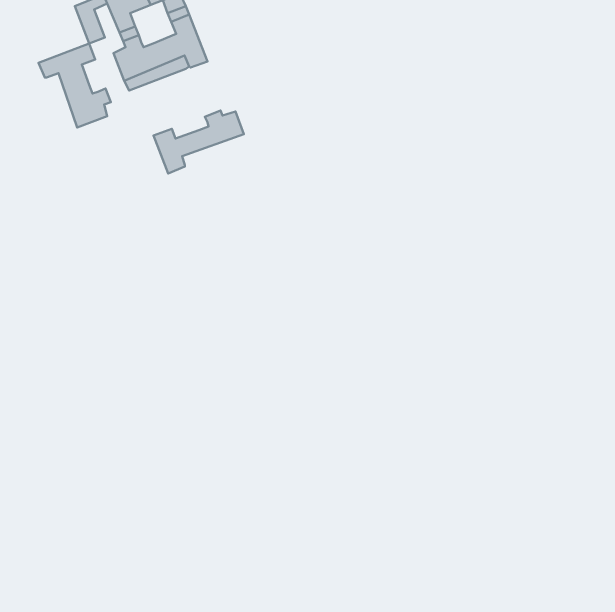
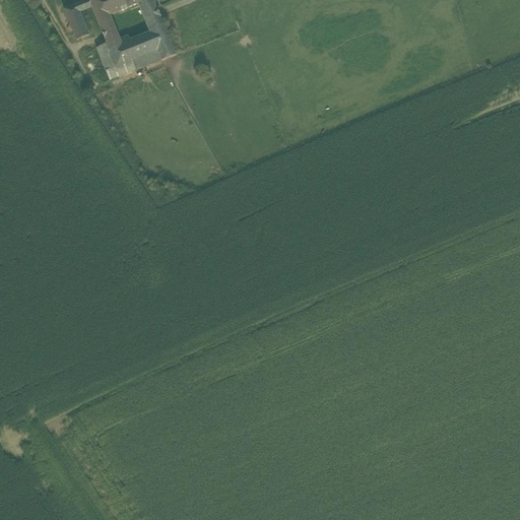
building: [39,43,111,127] -> none
building: [154,111,244,173] -> none

